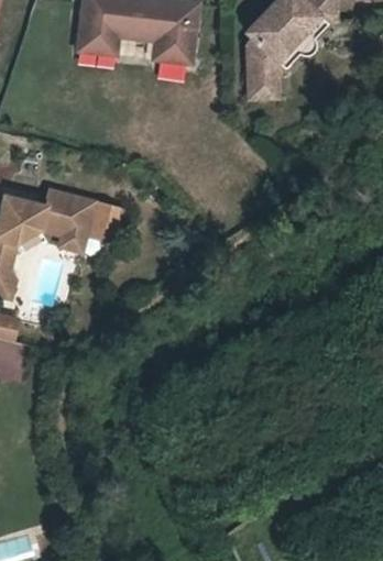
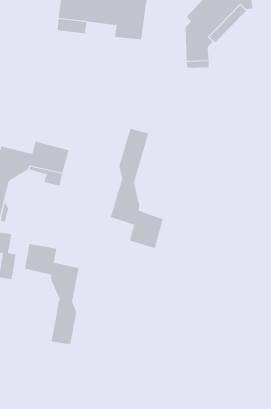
building: none -> [110,128,163,249]
building: none -> [25,243,79,345]

